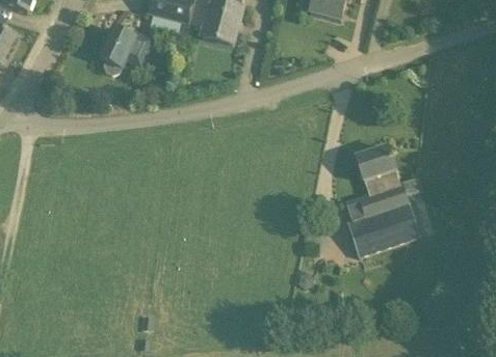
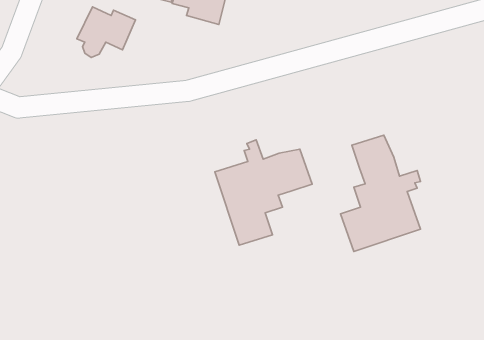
building: none -> [215,140,312,245]

